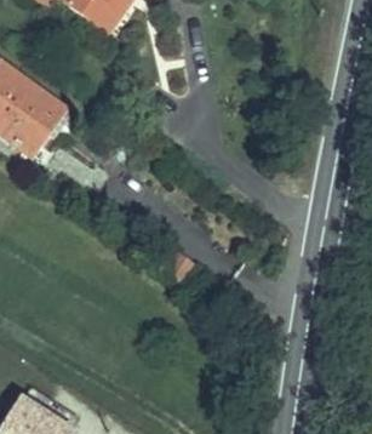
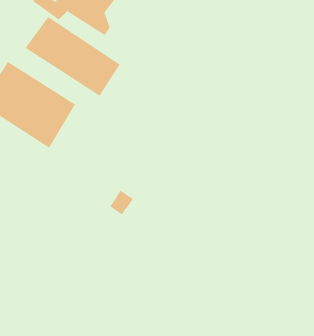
building: none -> [25,16,120,97]

